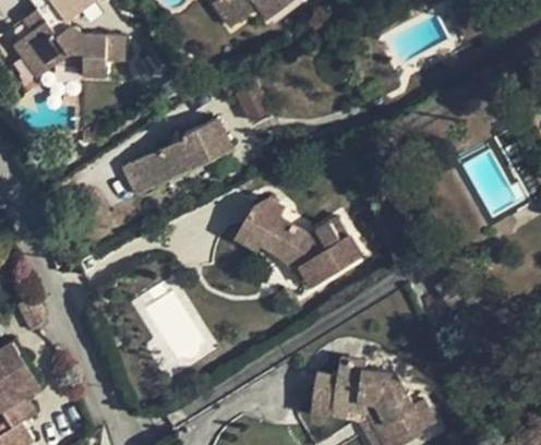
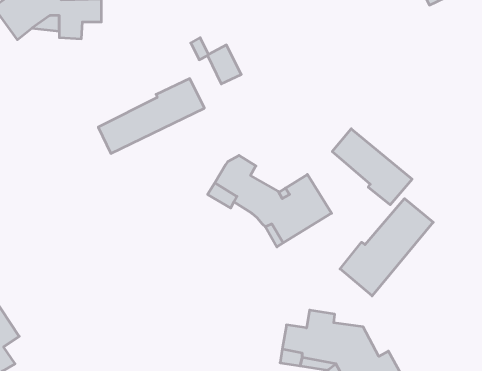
building: none -> [332,129,412,205]
building: none -> [340,199,433,296]

